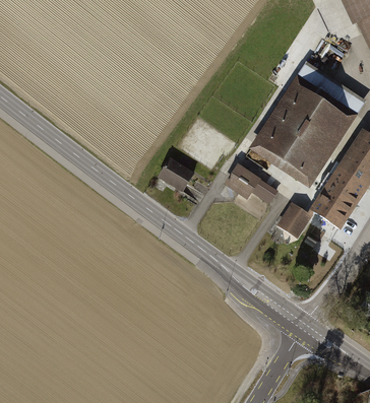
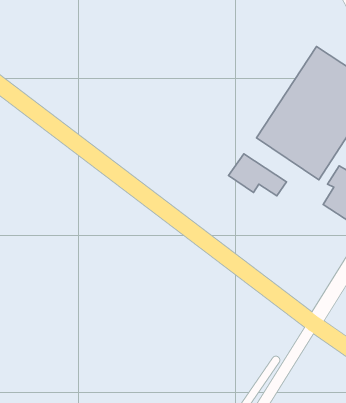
building: [158,155,195,191] -> none
building: [278,206,313,243] -> none

